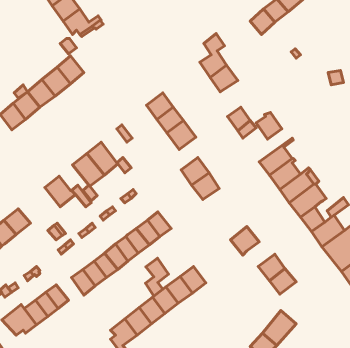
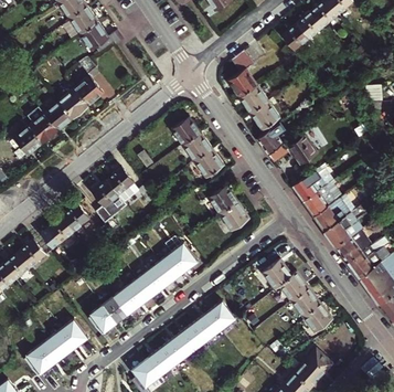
building: none -> [251,100,280,130]
building: none -> [47,215,78,247]
building: none -> [279,271,309,300]
building: [146,258,168,296] -> none

